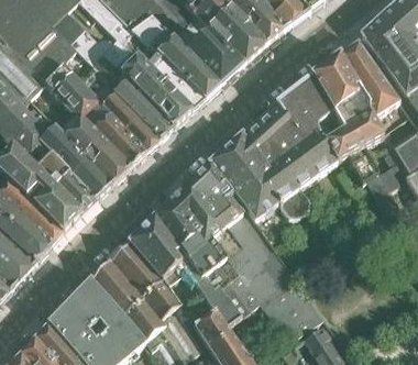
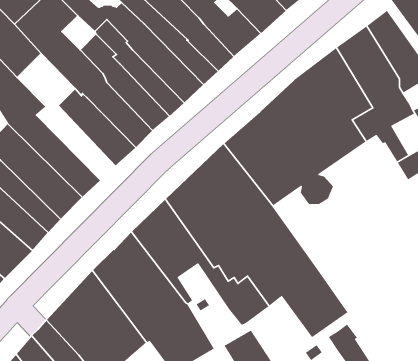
building: [21,97,110,197] -> none
building: [194,313,233,346] -> none

